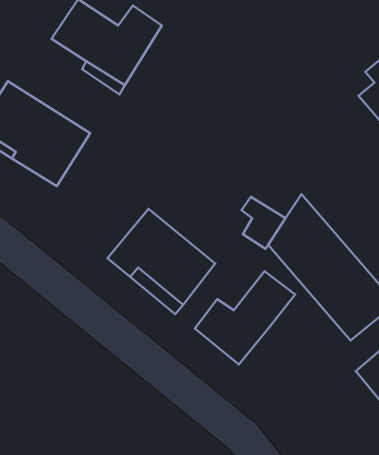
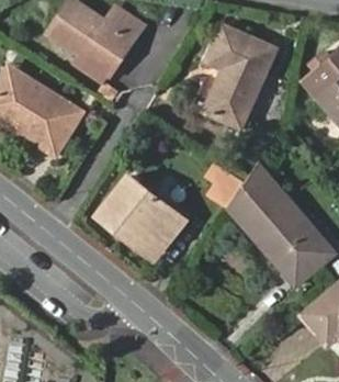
building: none -> [193,31,274,132]
building: [195,271,295,364] -> none

